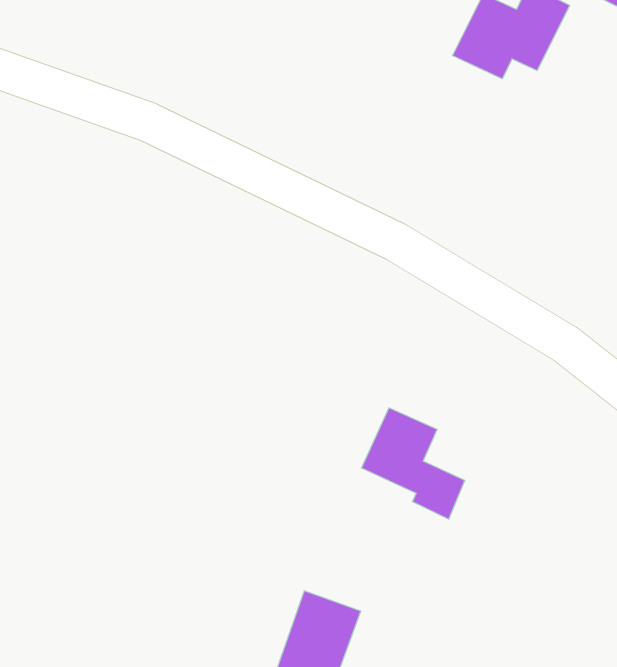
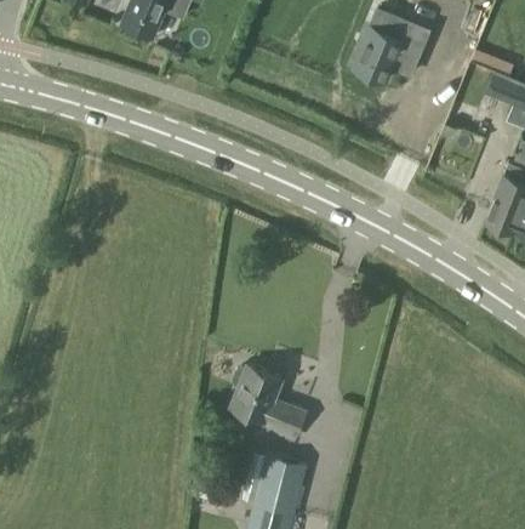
building: [361,408,465,519] -> [229,364,303,440]

